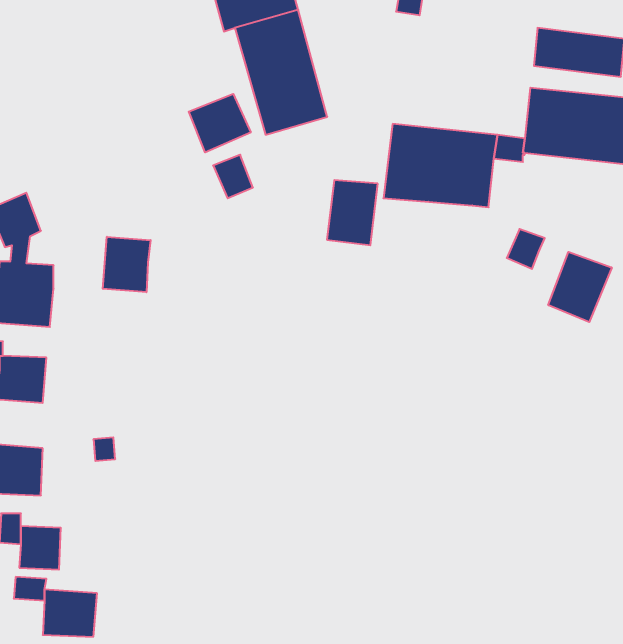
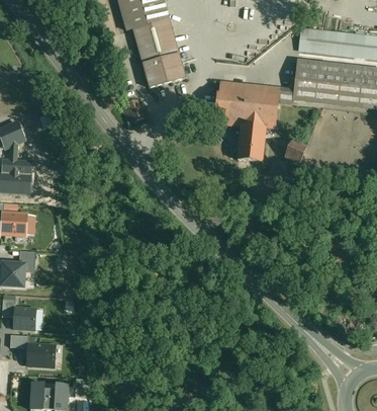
building: [189,94,251,152] -> none
building: [327,180,378,245] -> [237,125,265,161]
building: [103,237,151,292] -> none
building: [548,252,612,322] -> none

